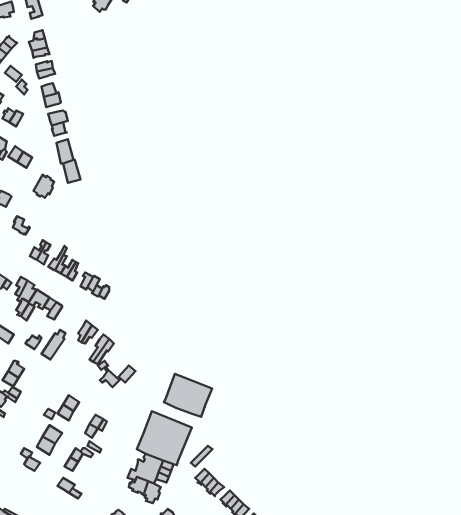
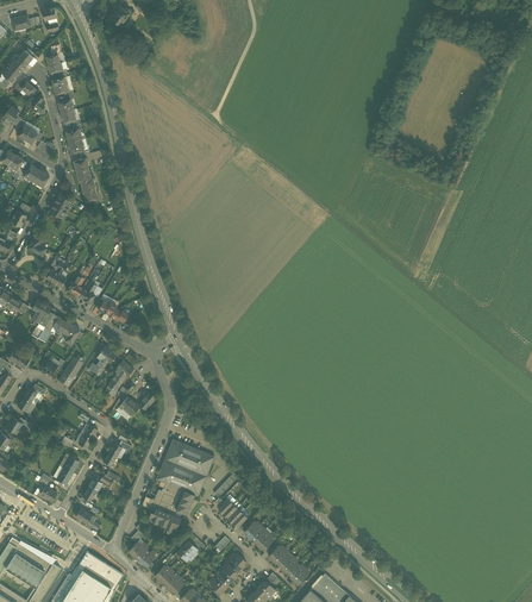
building: [164,374,212,417] -> none

